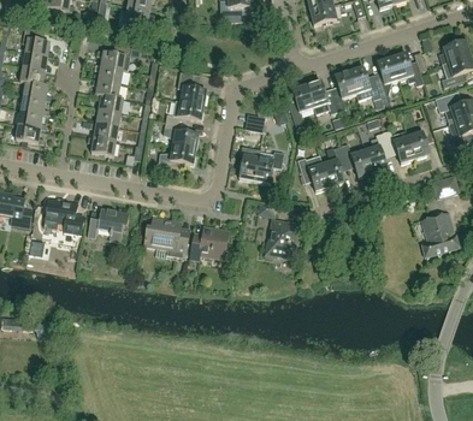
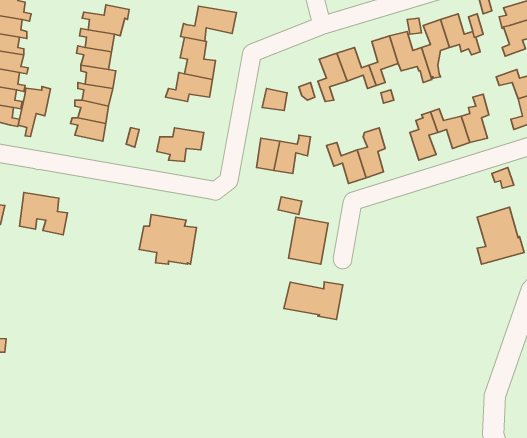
building: none -> [180,6,237,41]
building: none -> [18,87,50,137]
building: [164,120,199,149] -> none
building: [341,143,373,177] -> none
building: [88,208,129,241] -> none
building: [190,229,229,259] -> none
building: none -> [284,282,343,319]

